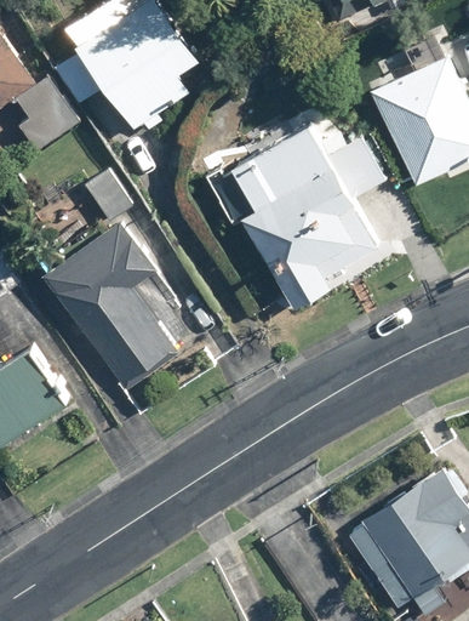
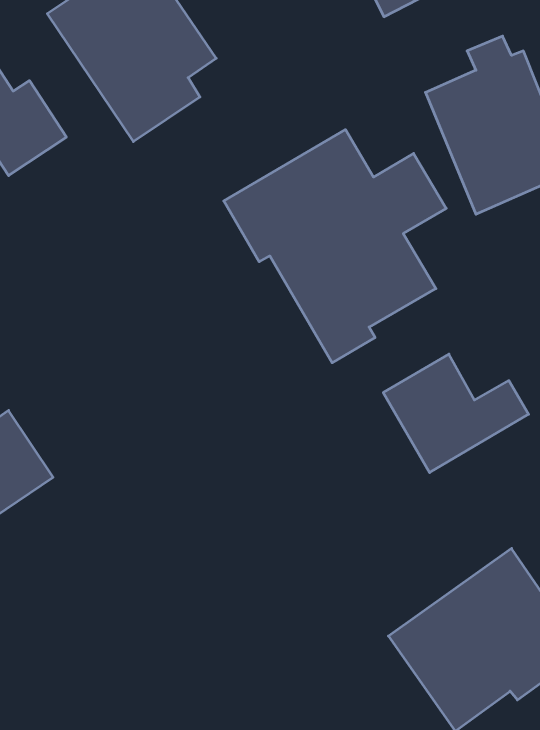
building: [39,218,175,391] -> none
building: none -> [383,354,529,473]

